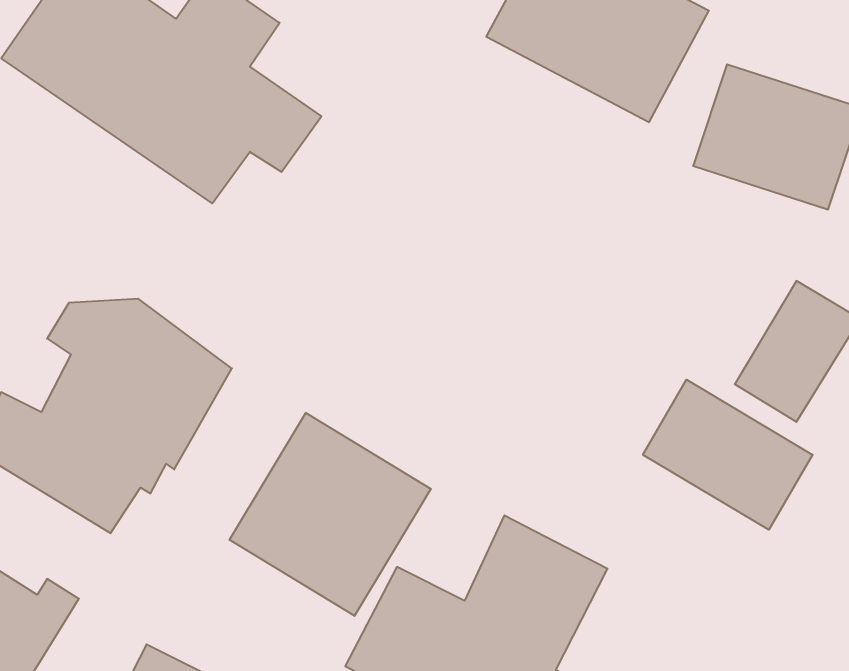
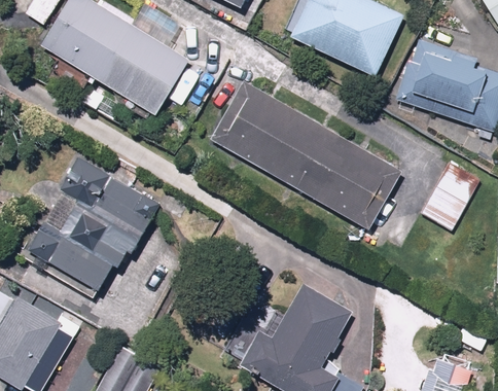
building: none -> [217,82,401,230]
building: [643,380,813,530] -> none
building: [230,413,431,616] -> none

